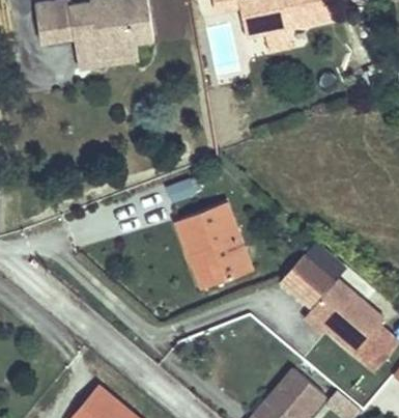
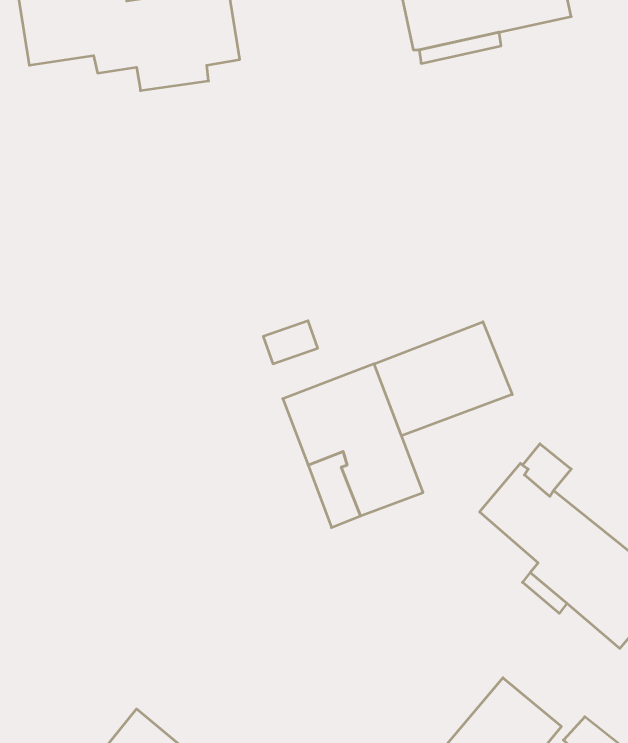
building: [78,44,139,68] -> none
building: none -> [374,322,512,436]

